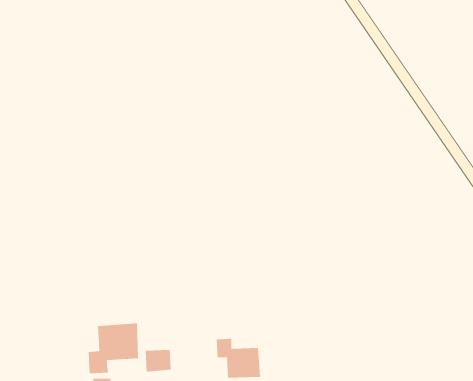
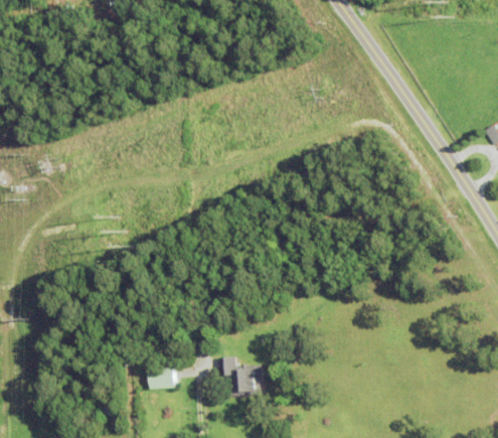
building: [88,323,139,374] -> none

